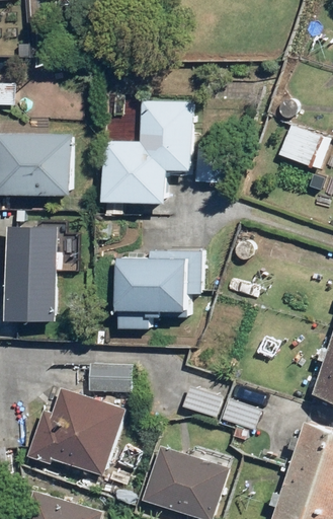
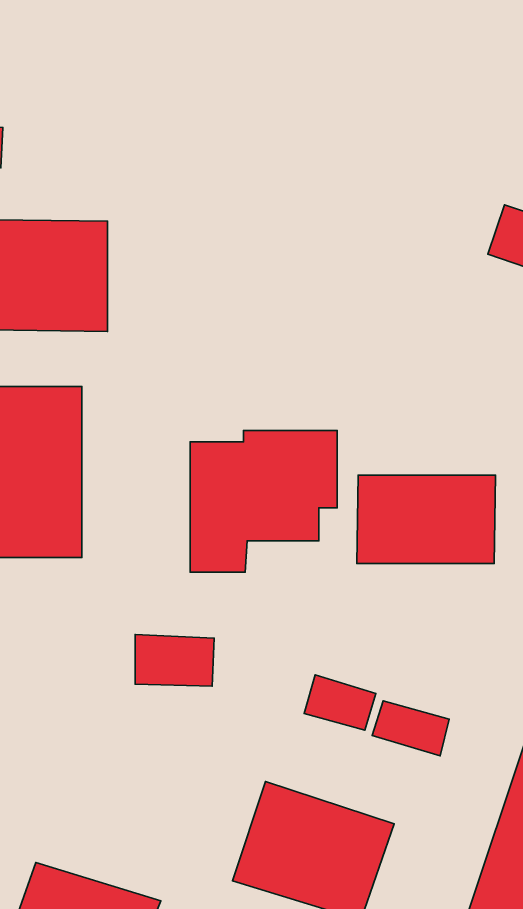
building: [101,101,191,202] -> none
building: none -> [357,475,495,563]
building: [26,386,127,474] -> none

